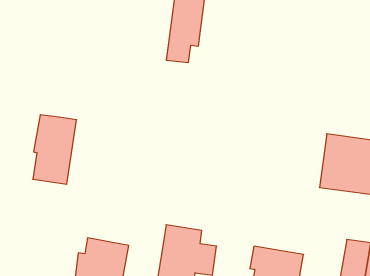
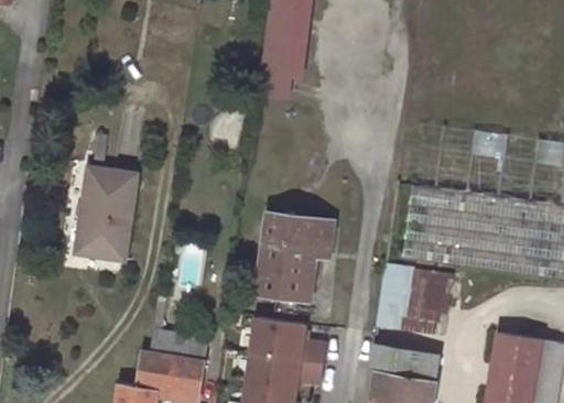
building: none -> [405,187,471,265]
building: none -> [259,214,334,299]
building: none -> [378,268,454,335]

